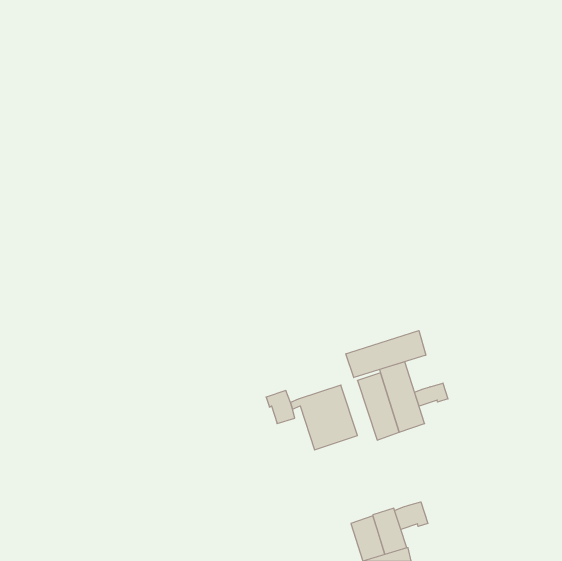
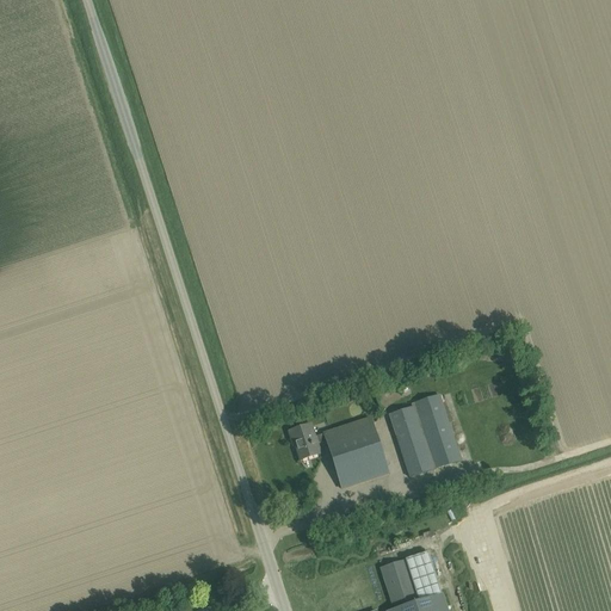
building: [346,331,426,378] -> none
building: [414,383,448,406] -> none
building: [395,502,428,530] -> none

